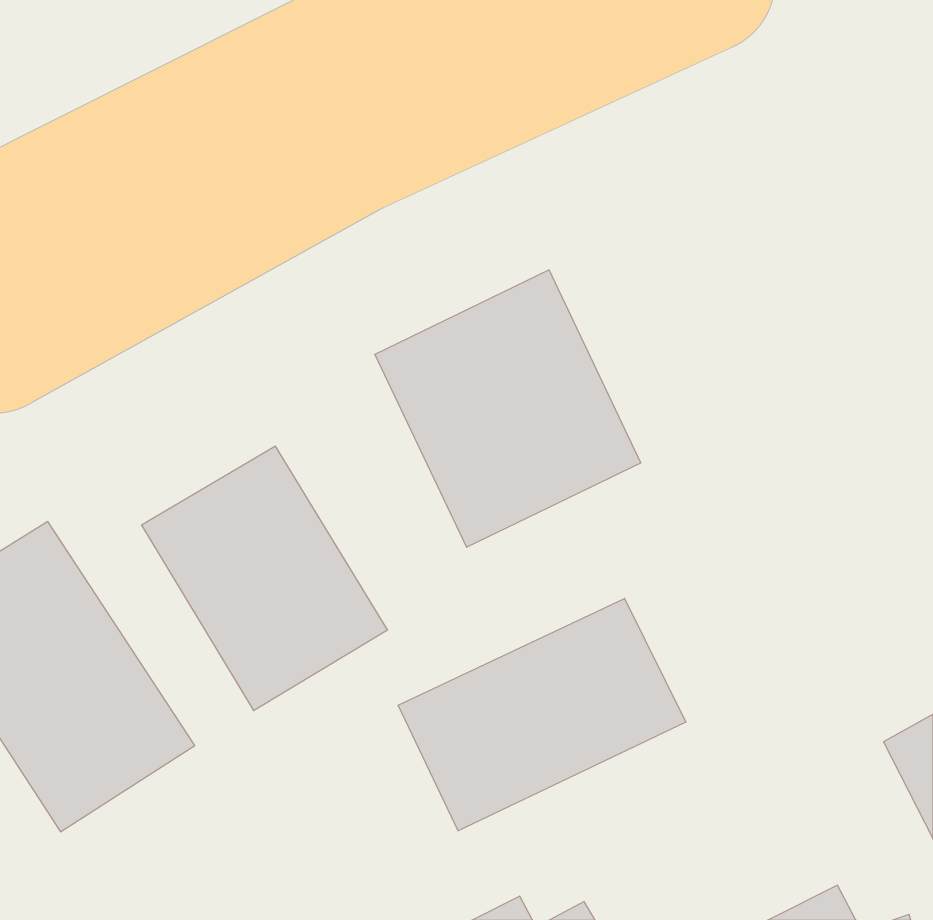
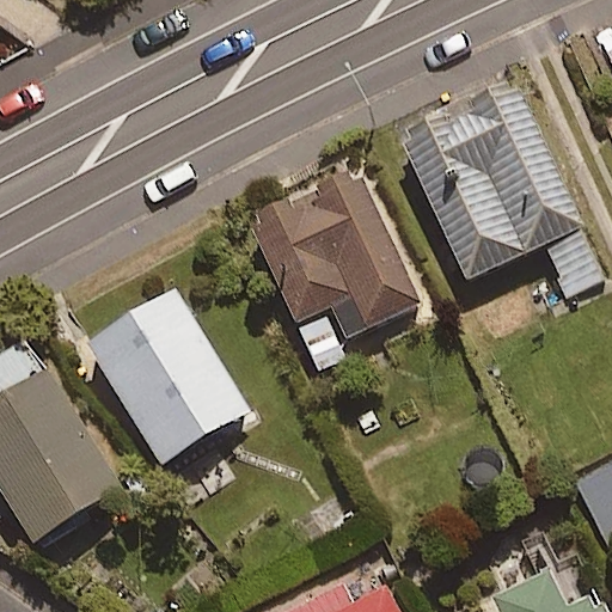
building: none -> [402,92,599,290]
building: [398,598,686,831] -> none

